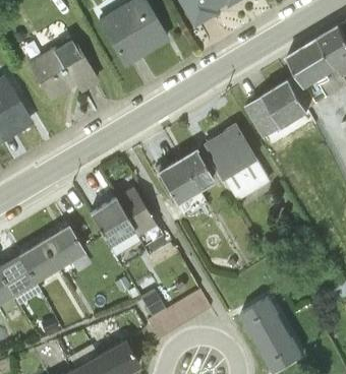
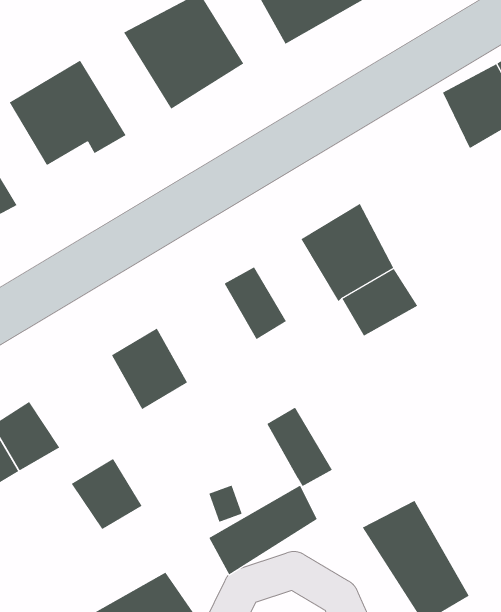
building: [244,84,306,142] -> none
building: [174,149,213,193] -> none
building: [116,187,156,235] -> [266,407,333,487]
building: [40,226,82,268] -> [71,458,143,530]

